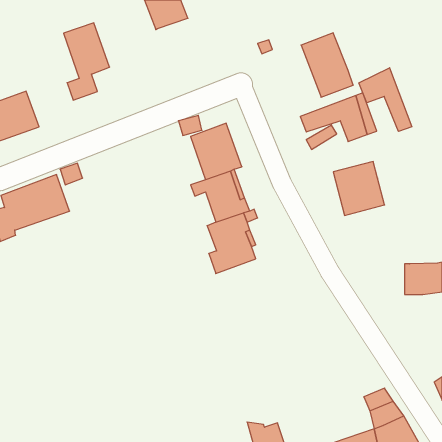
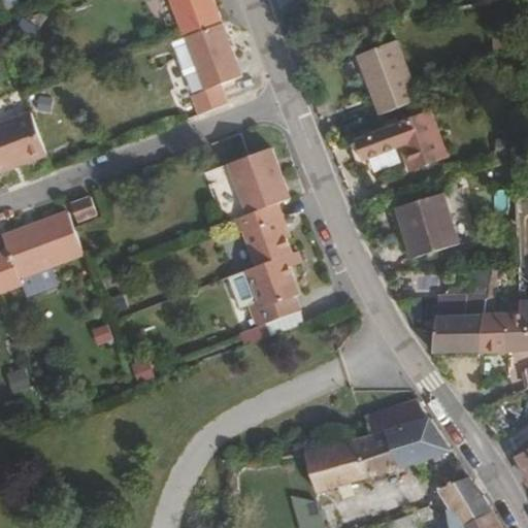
building: [64,23,110,100] -> [187,24,241,116]
building: [359,68,412,131] -> none
building: none -> [431,296,480,353]
building: none -> [303,401,448,495]

